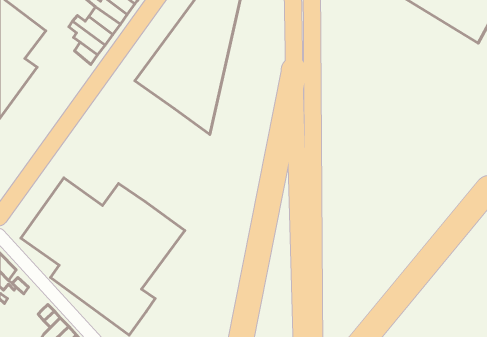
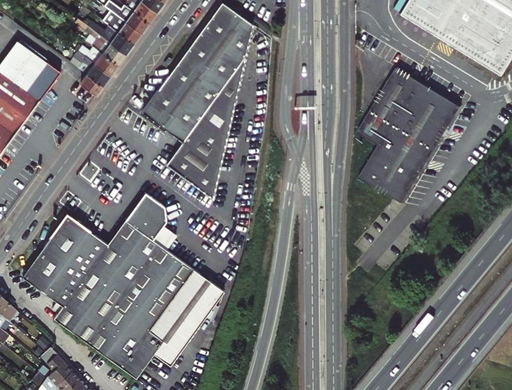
building: none -> [26,62,60,100]
building: none -> [358,69,460,203]
building: none -> [166,143,219,199]
building: none -> [124,193,166,240]
building: none -> [148,270,224,366]

